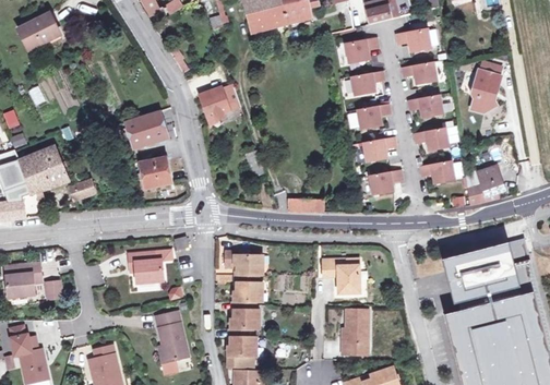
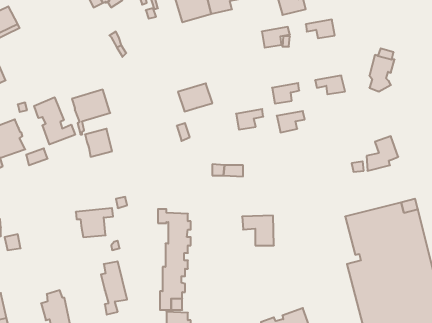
building: [402,60,435,83] -> none
building: [350,70,383,94] -> none
building: [200,86,240,119] -> [178,83,212,111]
building: none -> [34,97,75,144]
building: [414,127,447,148] -> none
building: [419,159,453,182] -> none
building: [369,169,400,193] -> [236,109,263,130]
building: [342,309,369,353] -> none

